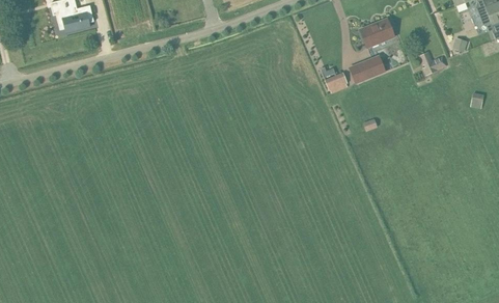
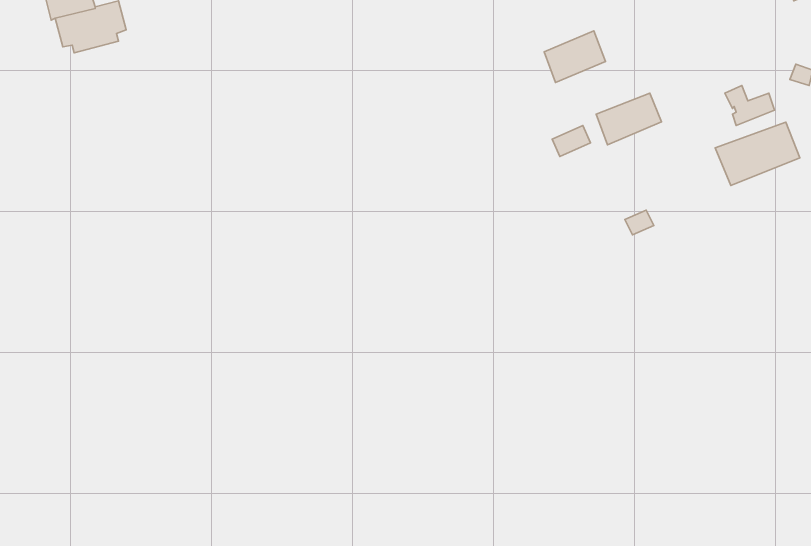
building: [361,19,394,47] -> [544,31,605,83]
building: none -> [715,122,800,185]

